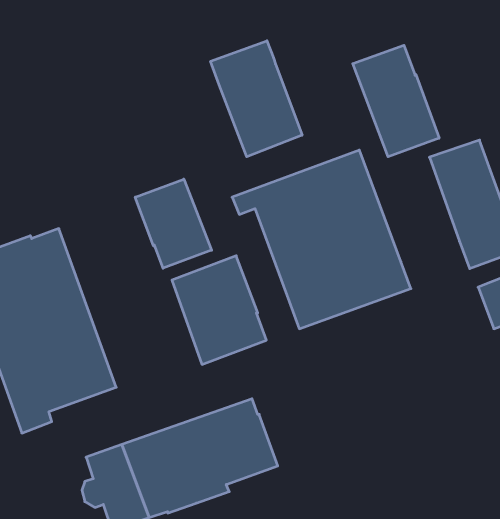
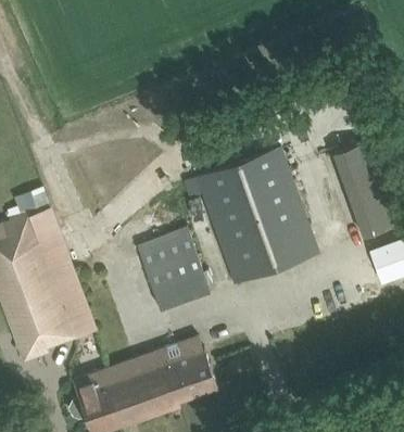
building: [211,41,302,157] -> none
building: [353,45,439,157] -> none
building: [135,179,212,268] -> none

